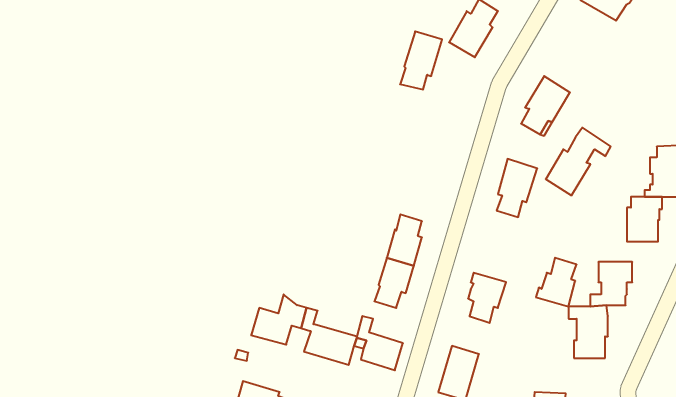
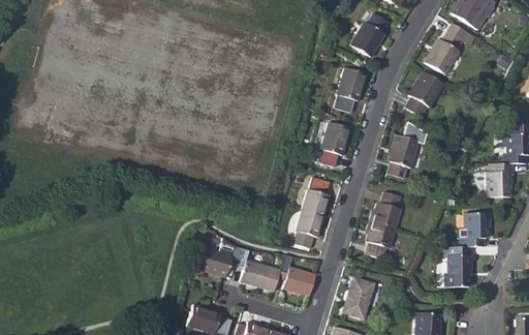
building: [400,31,442,90] -> [335,67,367,112]
building: [546,128,611,195] -> [426,23,475,74]
building: none -> [319,122,350,166]
building: [536,258,577,307] -> [370,191,401,229]

